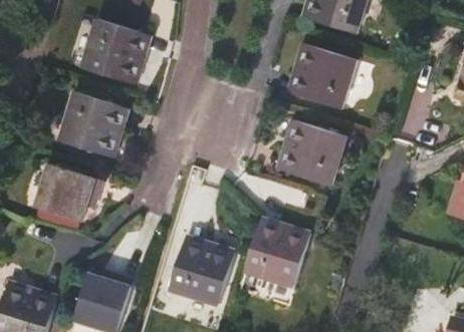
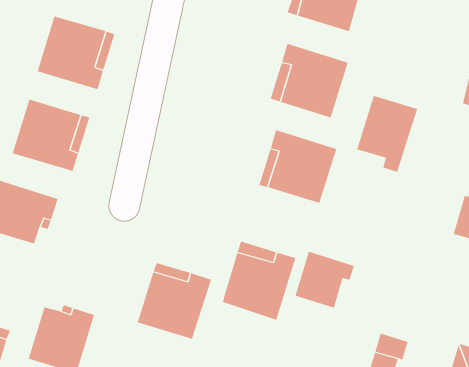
building: none -> [357,95,418,173]
building: none -> [295,251,354,308]

